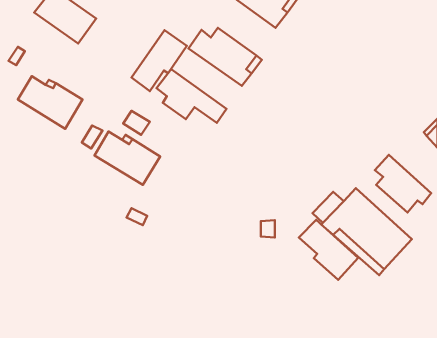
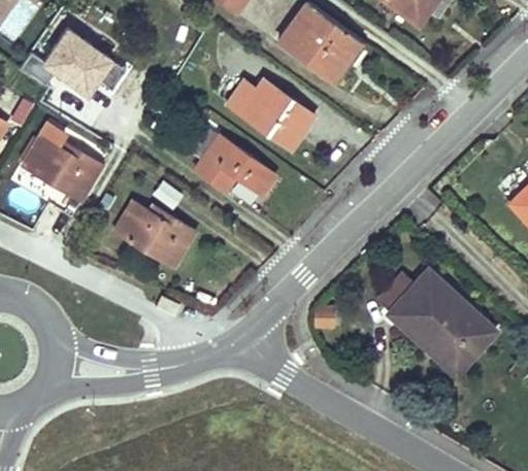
building: [132,30,187,91] -> none
building: [375,155,431,213] -> none
building: [299,220,358,280] -> none

